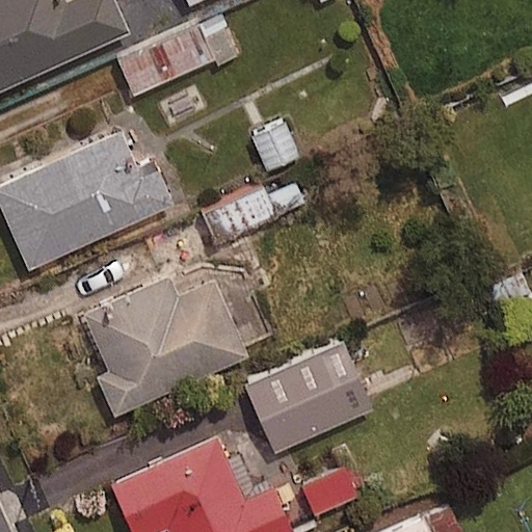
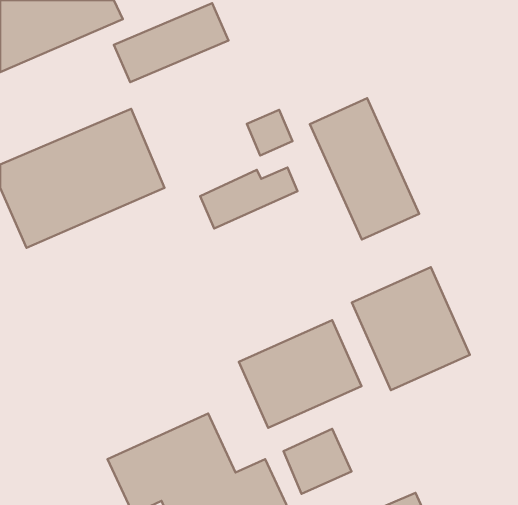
building: none -> [310,98,419,240]
building: [84,278,246,416] -> none
building: none -> [352,267,470,390]

